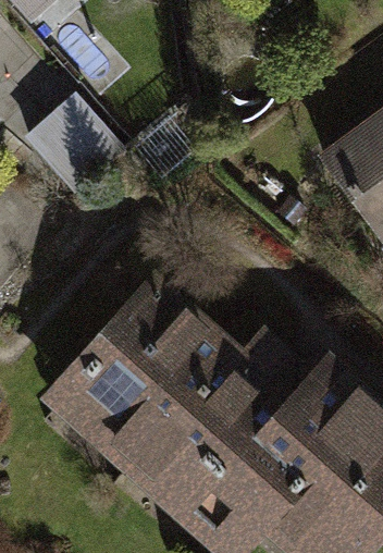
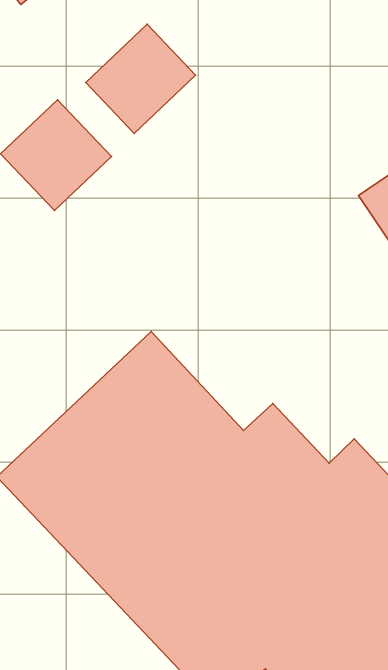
building: none -> [86,24,196,133]

